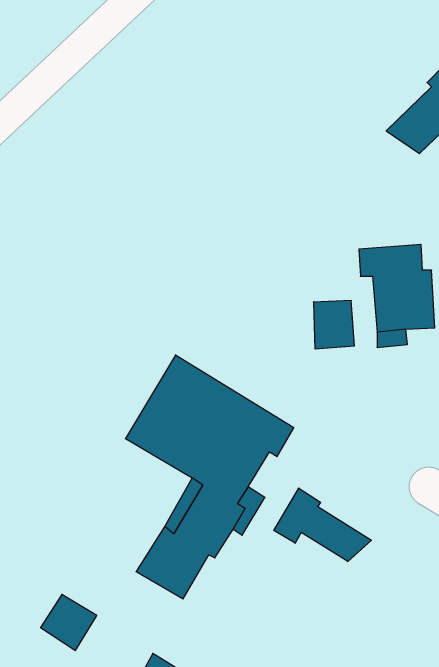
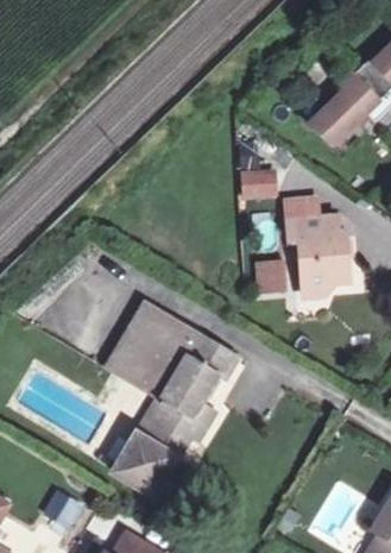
building: none -> [237,165,276,199]
building: [274,488,371,562] -> none

